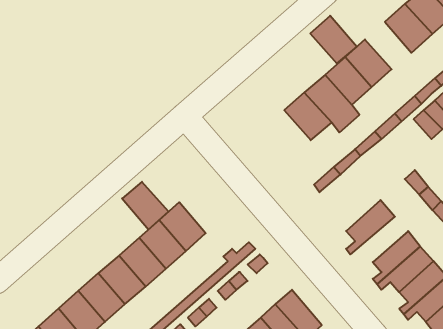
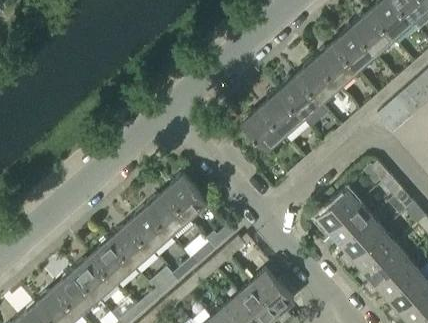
building: [310,16,357,63] -> [333,27,375,70]
building: none -> [241,107,284,151]
building: [122,182,169,229] -> [165,175,207,218]
building: none -> [320,203,372,244]

